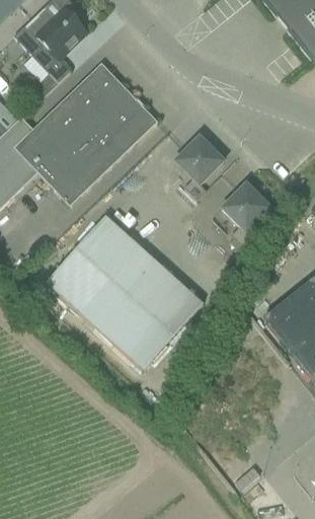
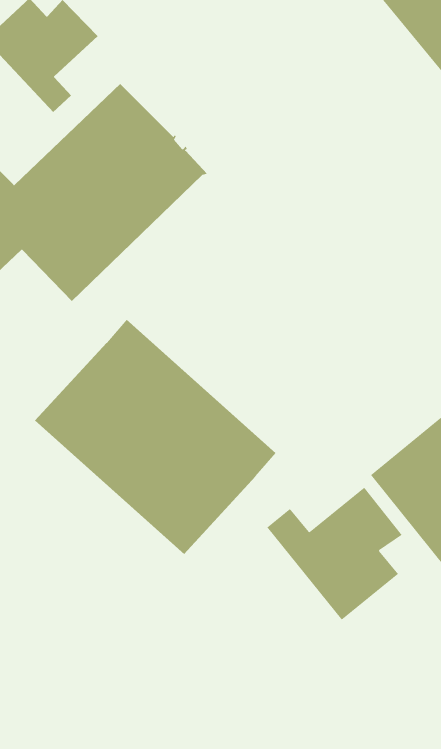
building: [175,137,223,200] -> none
building: [222,183,270,246] -> none
building: none -> [266,487,402,621]

